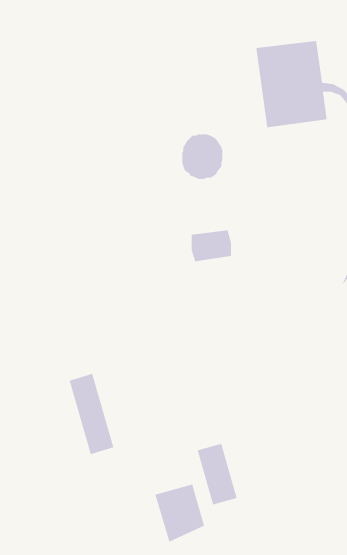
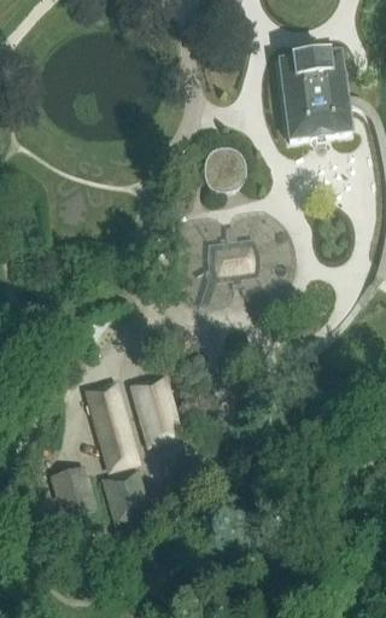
building: [197,443,238,505] -> [135,380,176,443]
building: none -> [48,464,98,518]
building: [155,484,205,542] -> [99,465,150,524]

